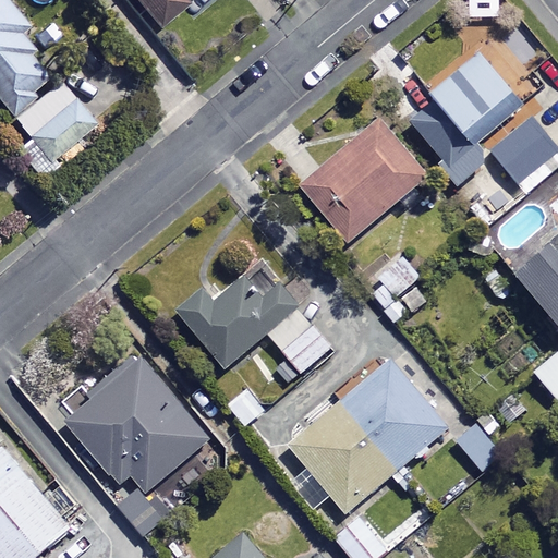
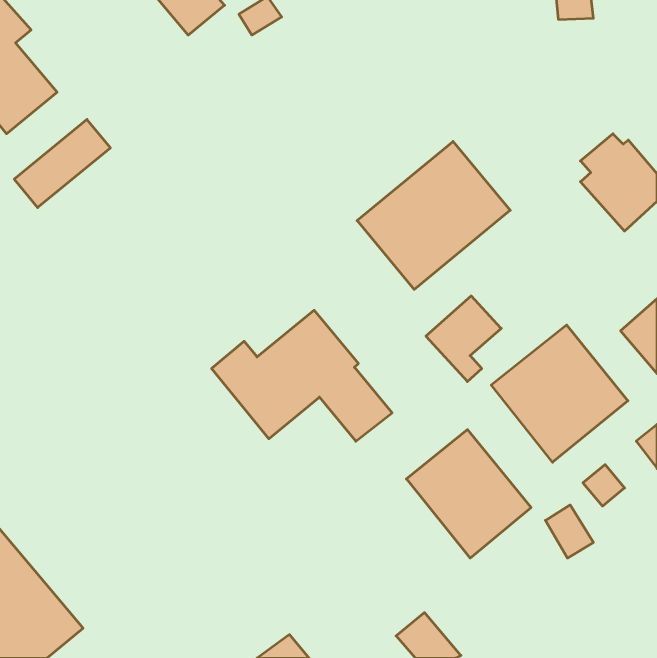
building: [409,60,518,163] -> none
building: none -> [491,325,628,462]
building: [63,354,210,534] -> none
building: [290,402,395,510] -> none

